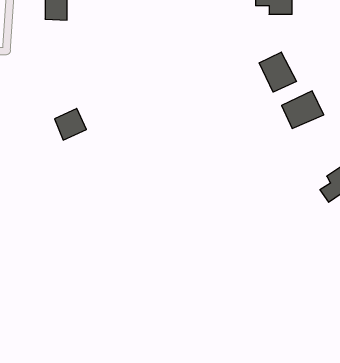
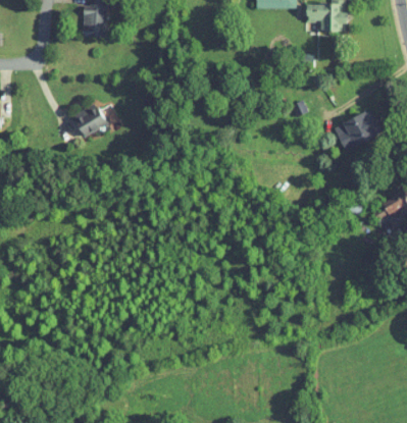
building: [259,52,296,92] -> none
building: [55,108,86,140] -> [72,104,106,138]

